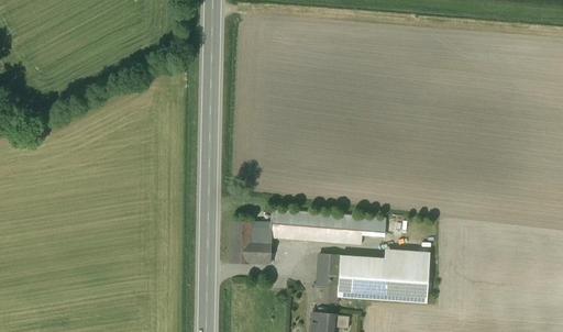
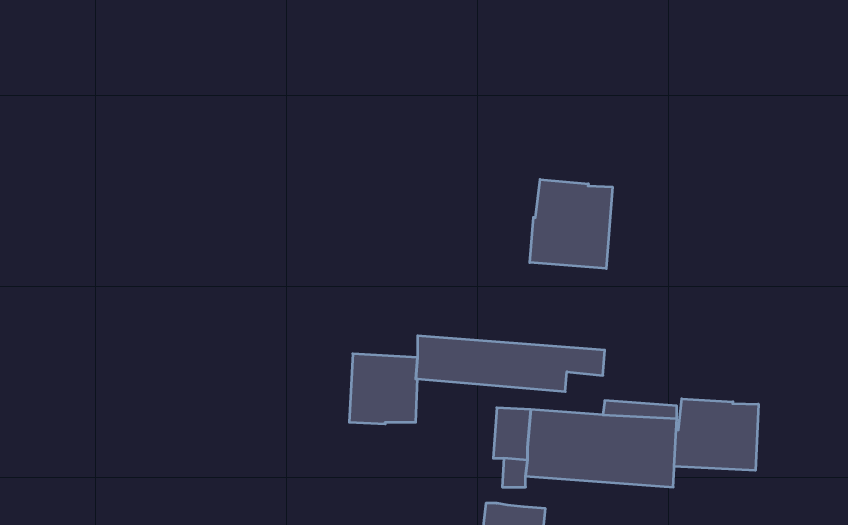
building: none -> [530,179,612,269]
building: none -> [674,399,758,470]

